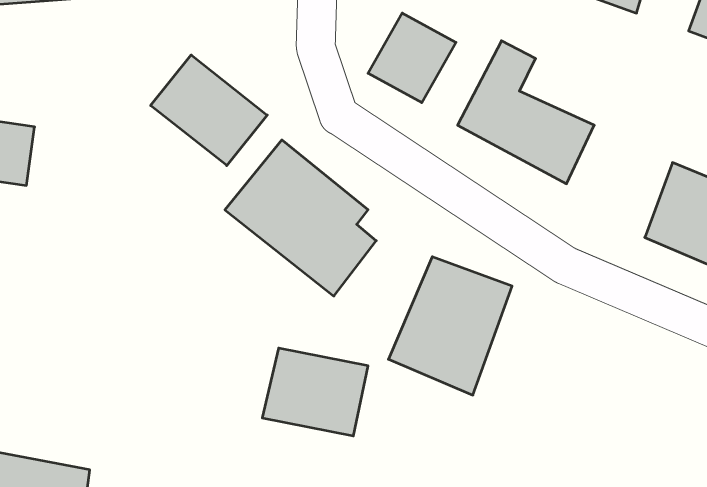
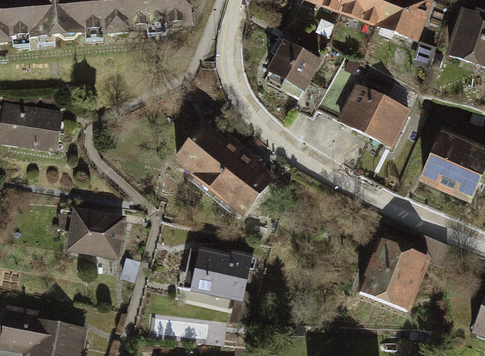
building: [151,55,267,166] -> none
building: [388,257,512,395] -> [350,236,426,321]
building: none -> [70,207,128,261]

